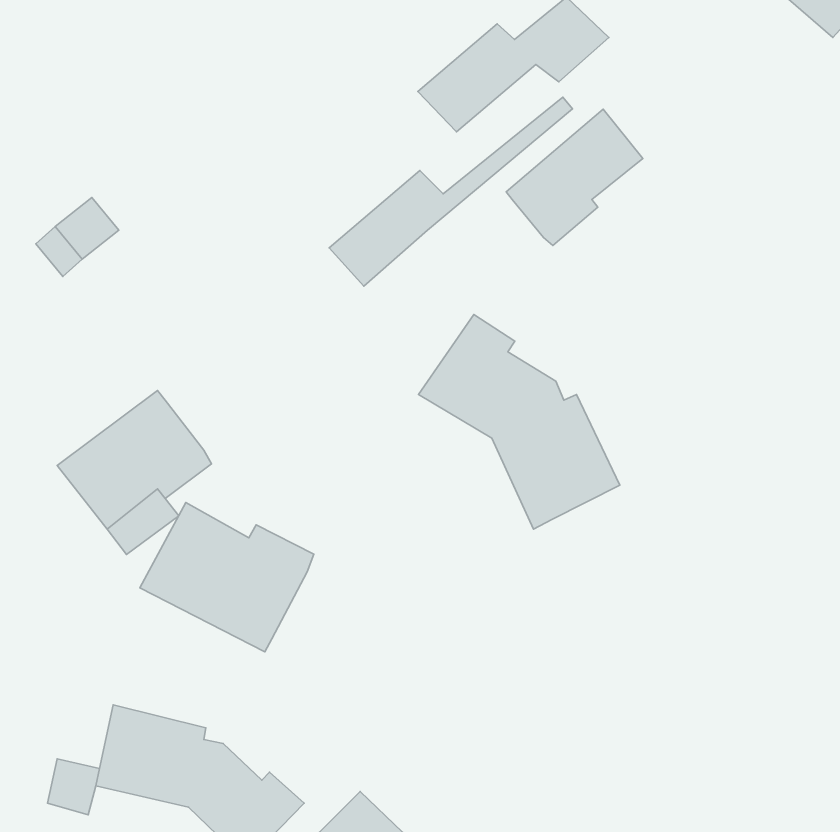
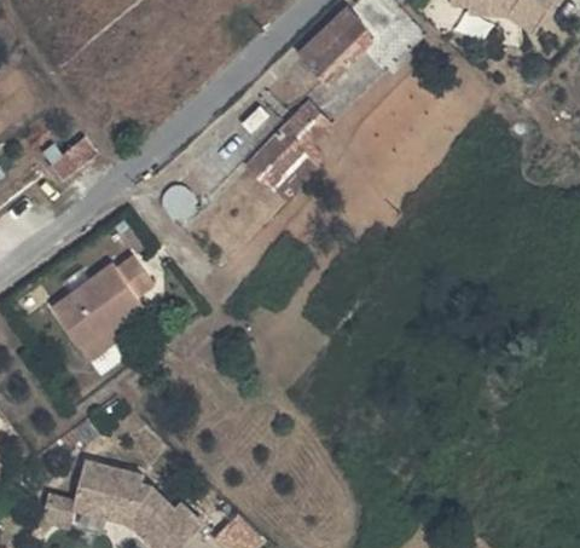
building: [506,109,643,245] -> none
building: [419,314,620,529] -> none
building: [140,502,314,652] -> none

